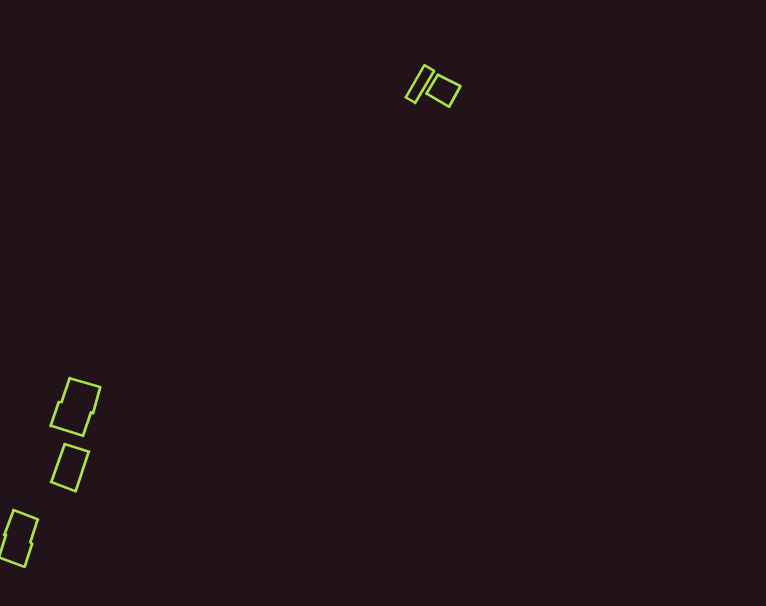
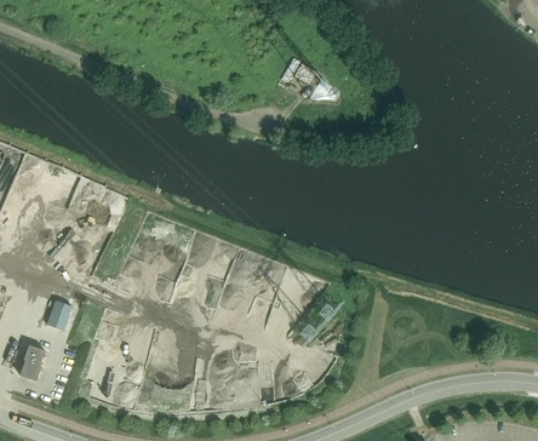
building: [51,378,100,436] -> none

